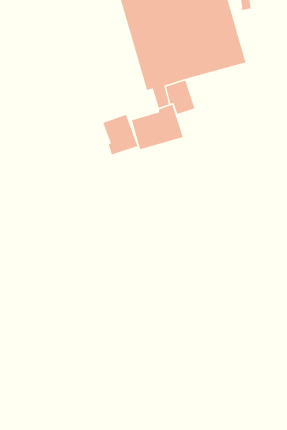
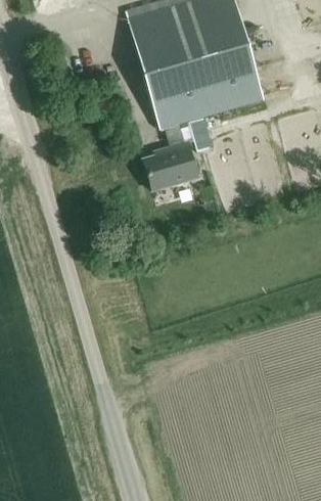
building: [102,114,139,155] -> none

